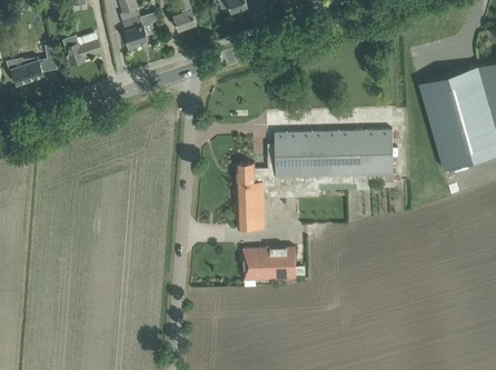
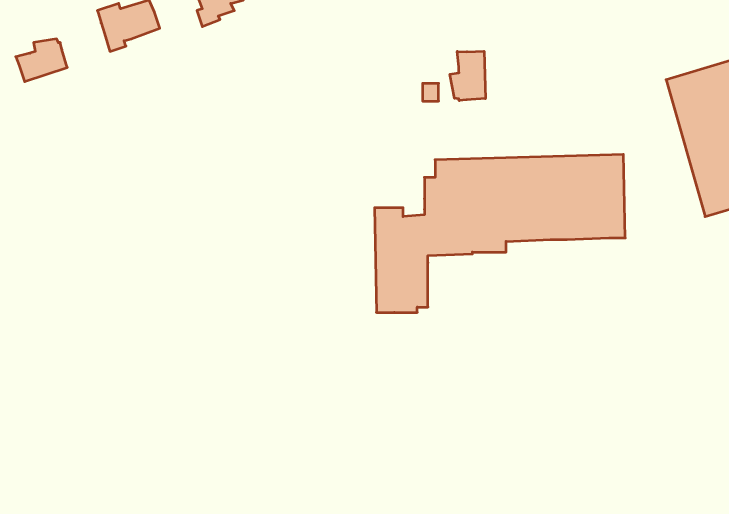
building: none -> [450,51,485,101]
building: [242,248,295,280] -> none

